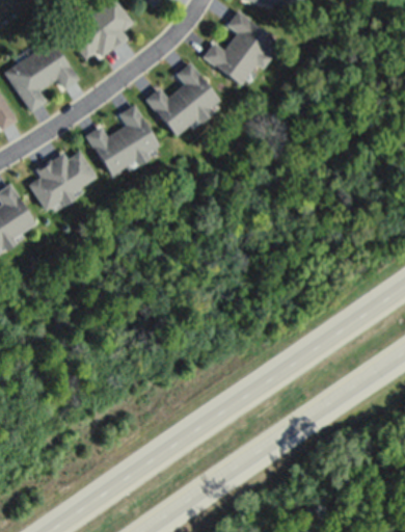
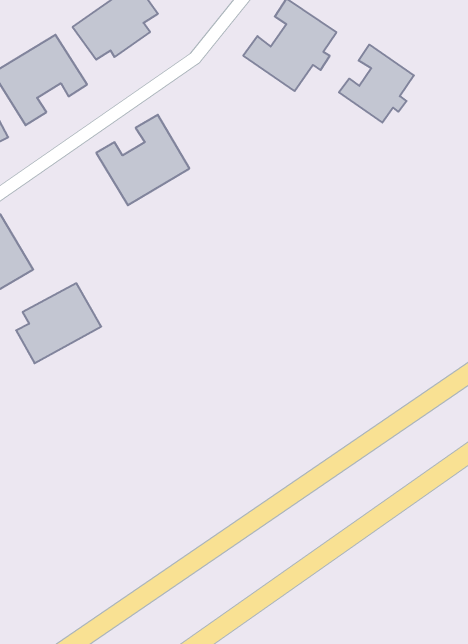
building: none -> [339,45,414,123]
building: [146,63,219,139] -> none
building: [29,148,97,211] -> [16,283,101,363]

